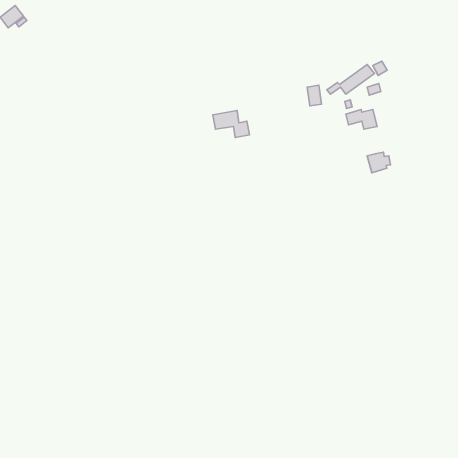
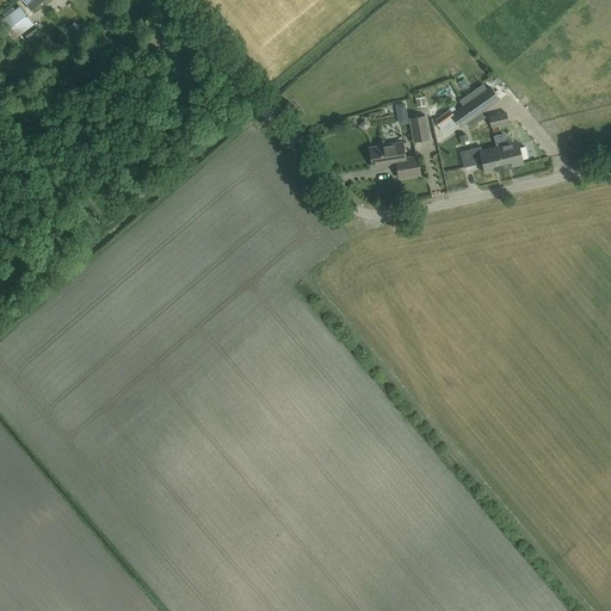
building: [213,110,250,137] -> [369,141,418,177]
building: [367,152,391,173] -> [495,141,526,168]

